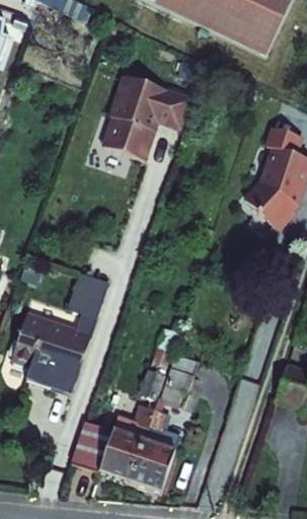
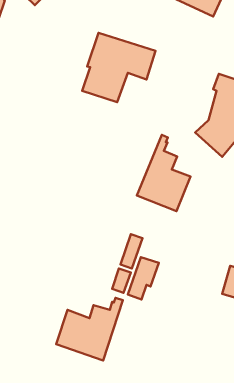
building: none -> [137,135,191,211]
building: [11,271,107,396] -> none
building: [130,406,180,492] -> none

